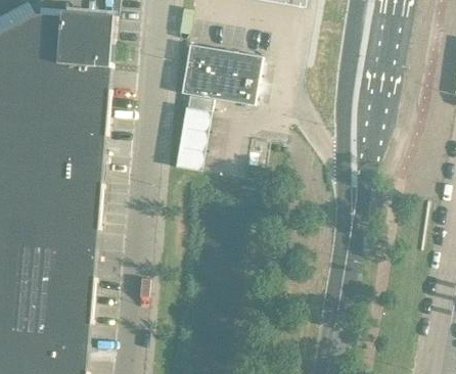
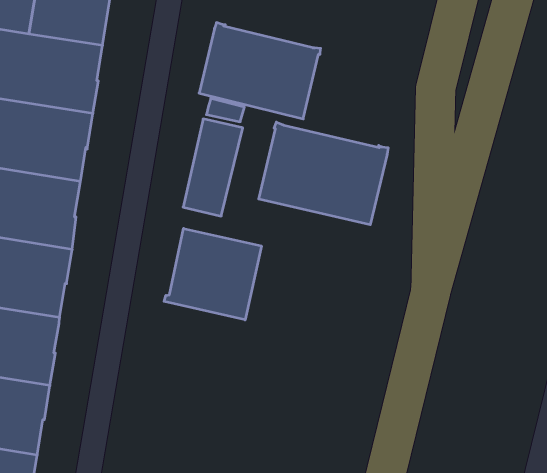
building: none -> [259,122,388,225]
building: none -> [164,228,261,320]

